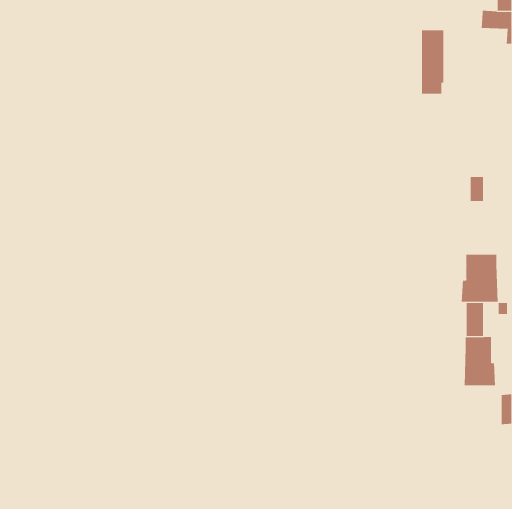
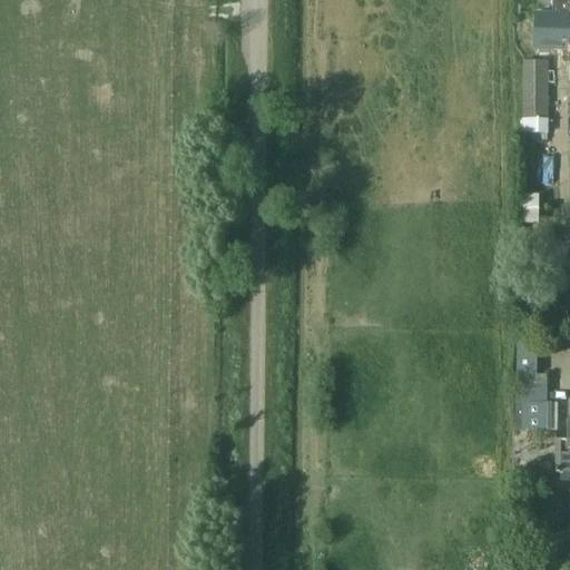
building: [421,30,444,94] -> [523,60,549,131]
building: [461,254,498,303] -> none

